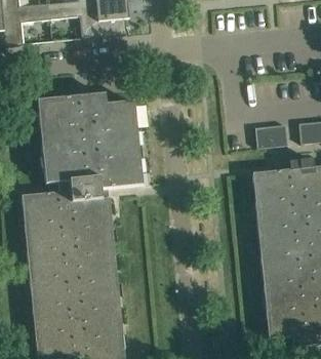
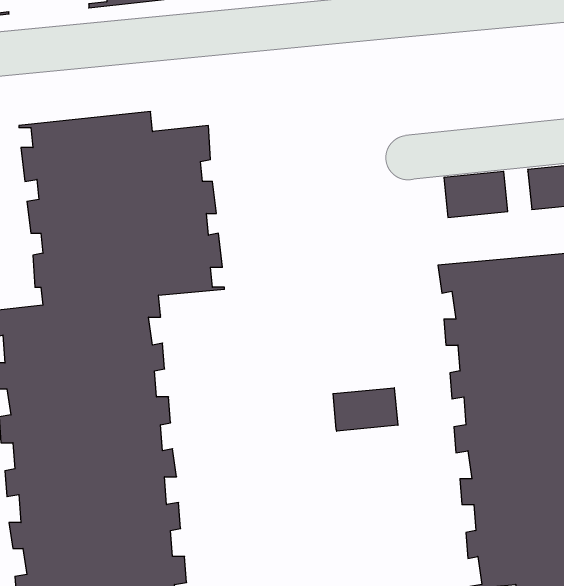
building: none -> [333,388,398,431]

